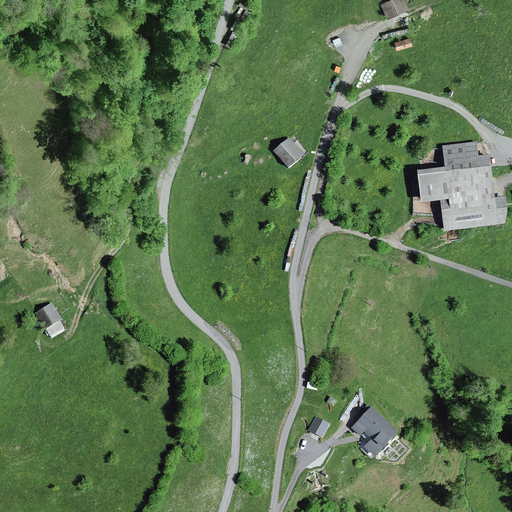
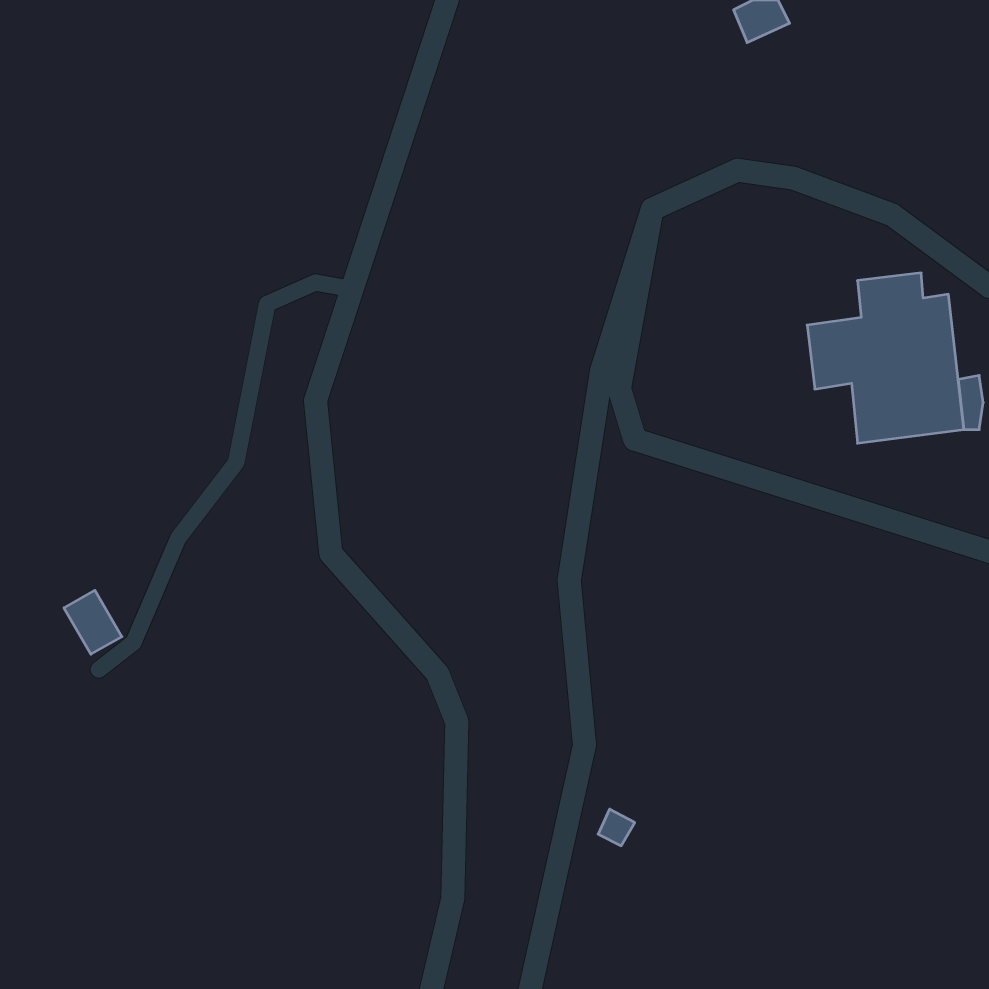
building: [274,136,303,165] -> none
building: [352,405,397,453] -> none

